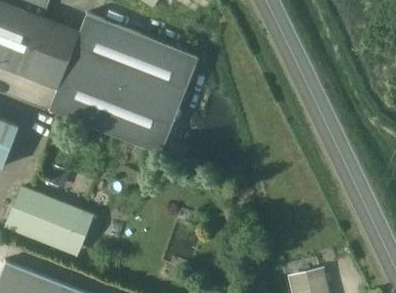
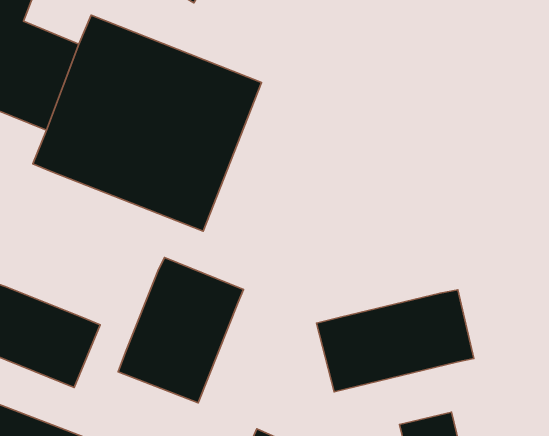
building: none -> [118,257,244,403]
building: none -> [317,290,474,392]

